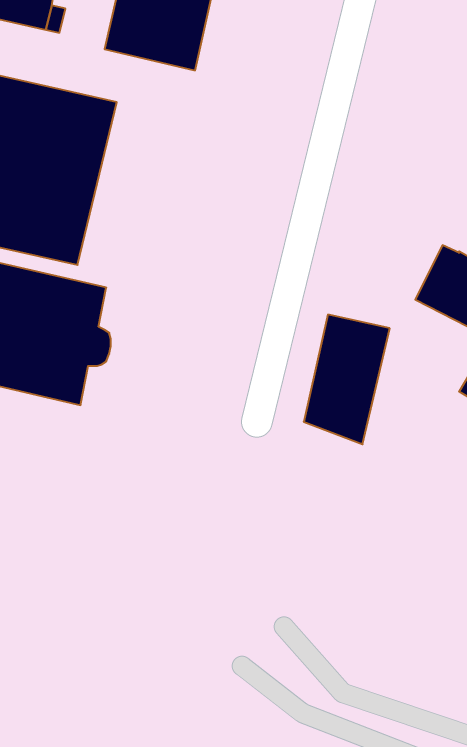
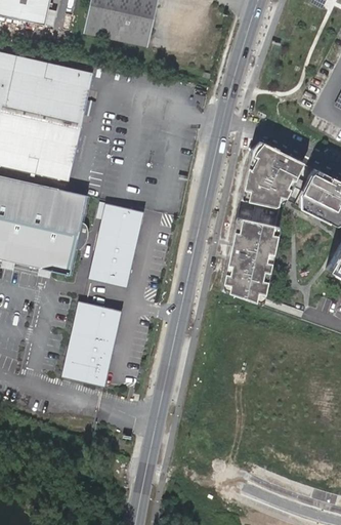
building: none -> [241,142,305,207]
building: none -> [89,201,145,285]
building: none -> [62,299,122,385]

